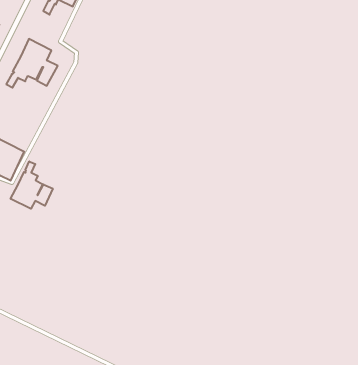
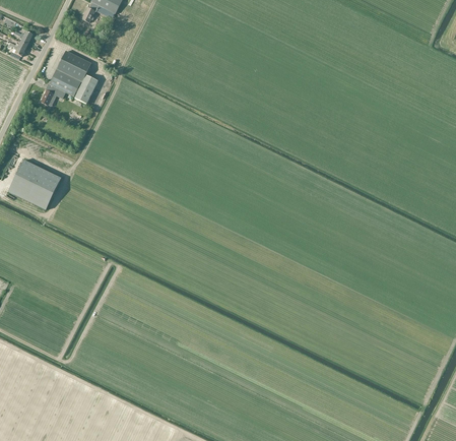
building: [11,161,53,209] -> none

